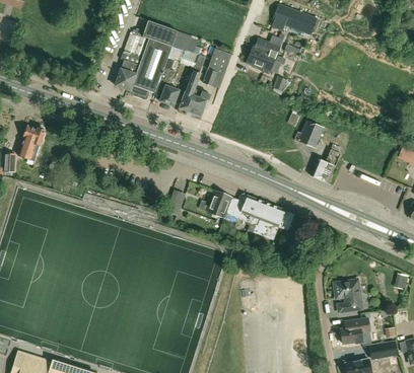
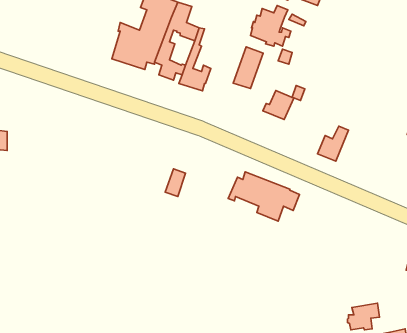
building: [203,48,231,87] -> [233,47,263,88]
building: [295,120,325,147] -> [263,91,294,119]
building: [18,125,46,159] -> none
building: [200,190,235,218] -> none
building: [334,279,362,311] -> none

